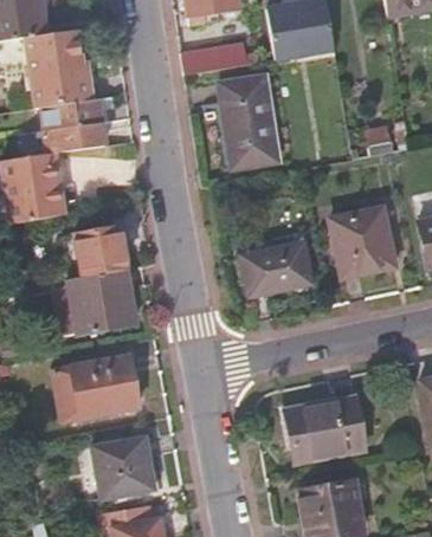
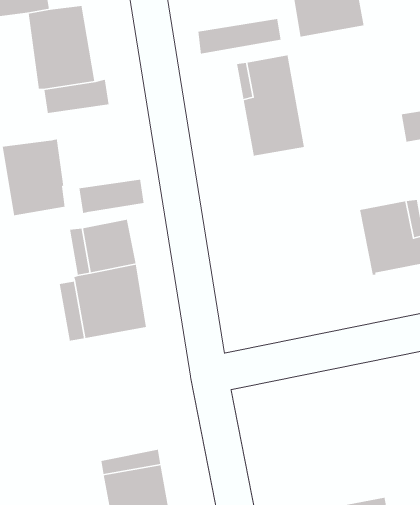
building: [45,122,105,154] -> [79,179,145,214]
building: [243,242,309,293] -> none
building: [52,356,140,422] -> none
building: [285,397,363,460] -> none

